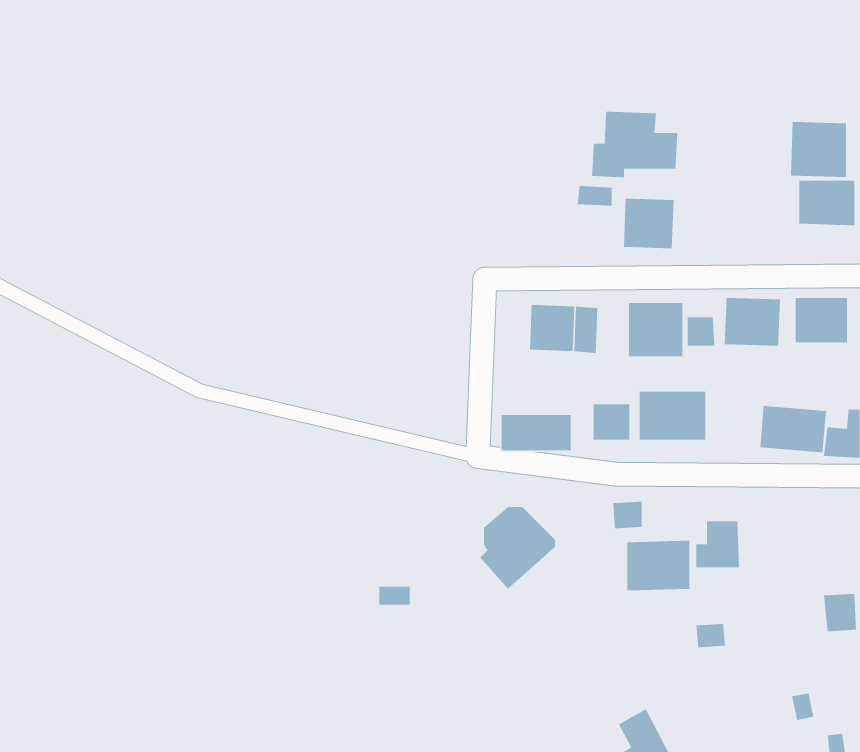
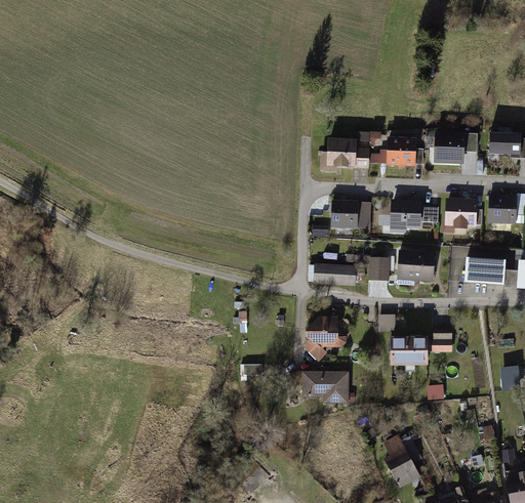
building: [591,111,678,178] -> [319,133,369,172]
building: [790,121,847,178] -> [432,132,465,165]
building: none -> [301,371,350,404]

